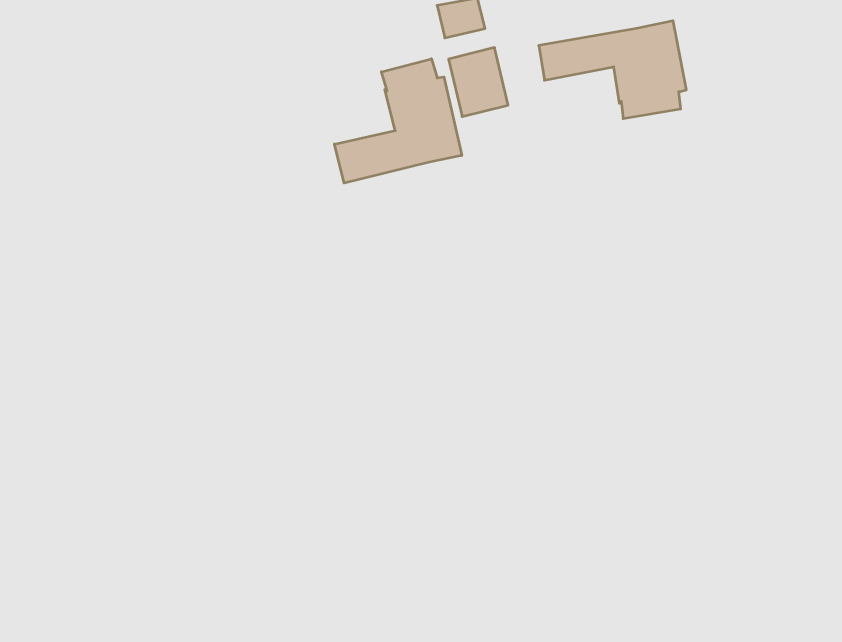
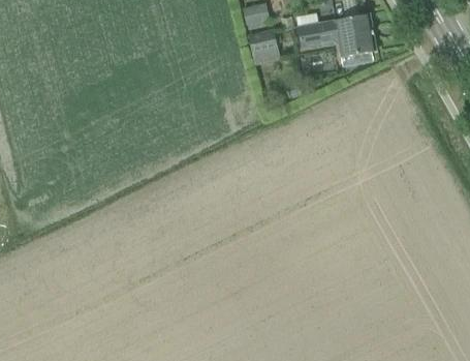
building: [334,59,462,183] -> none

